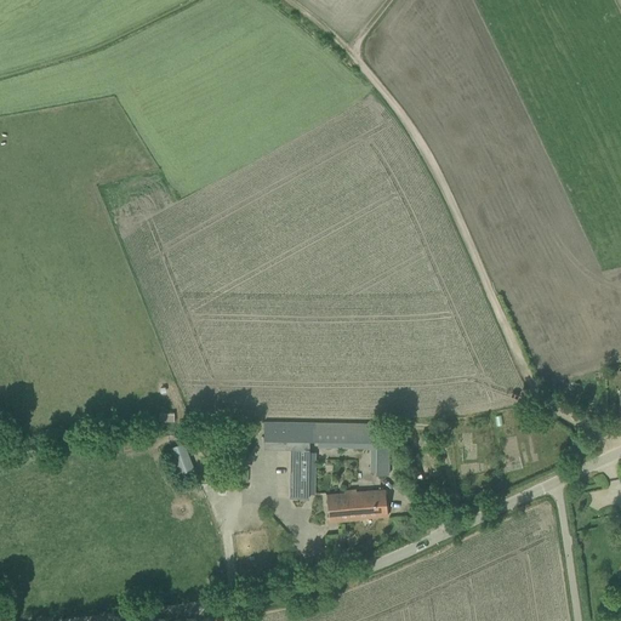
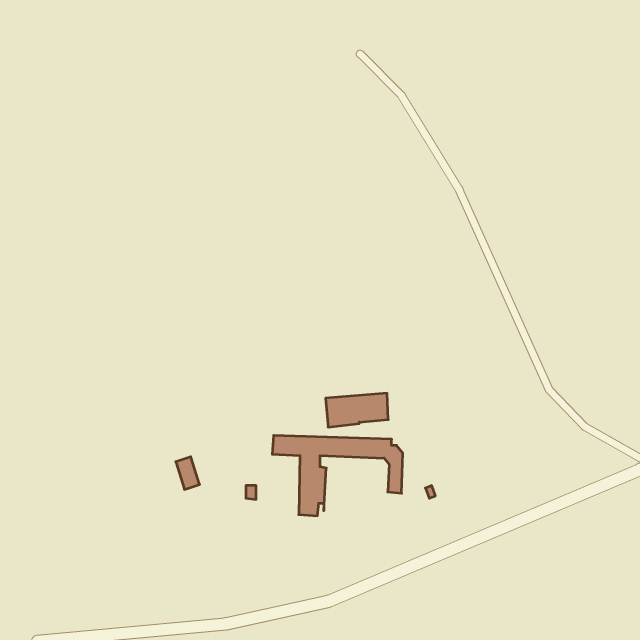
building: [325,491,386,524] -> [326,393,388,427]

